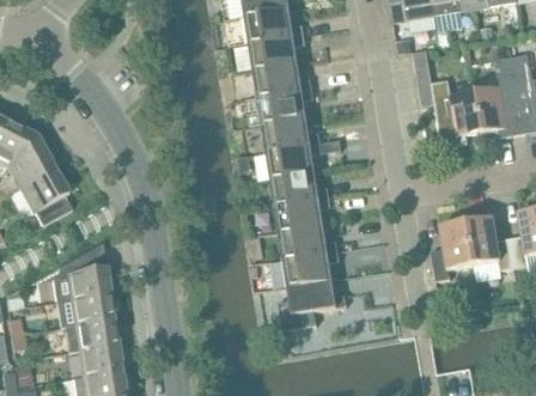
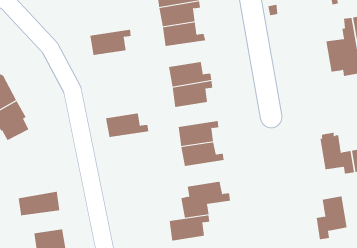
building: [413,49,482,146] -> none
building: [256,87,313,123] -> [89,29,132,56]
building: [269,171,329,205] -> [105,113,149,138]
building: [431,220,474,280] -> [316,196,347,240]
building: [282,250,339,286] -> [169,215,210,241]
building: [53,254,110,301] -> none
building: [63,318,117,351] -> none

